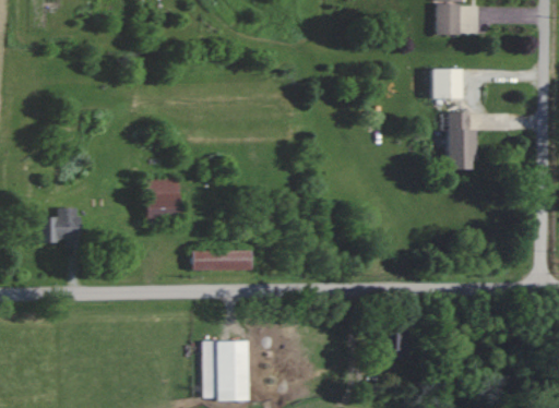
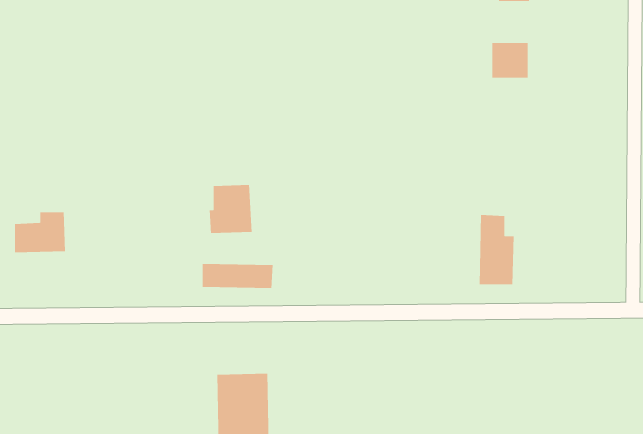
building: [448,111,477,169] -> [479,215,514,285]
building: [144,177,180,217] -> [209,185,253,234]

